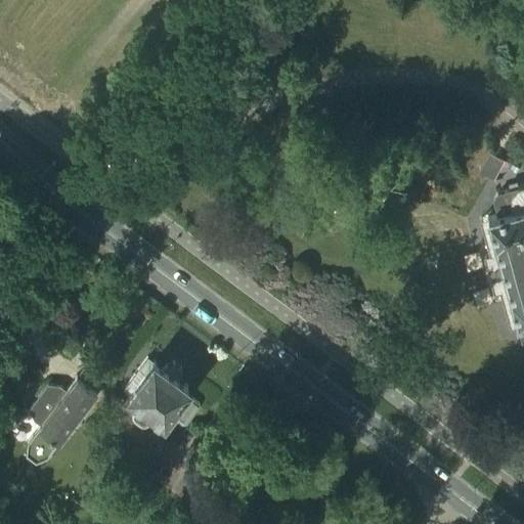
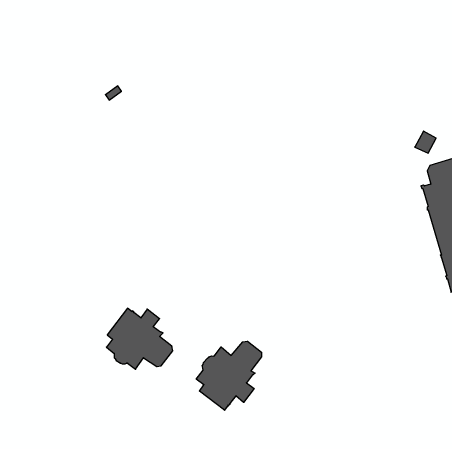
building: [28,380,97,465] -> none
building: none -> [196,341,261,410]

